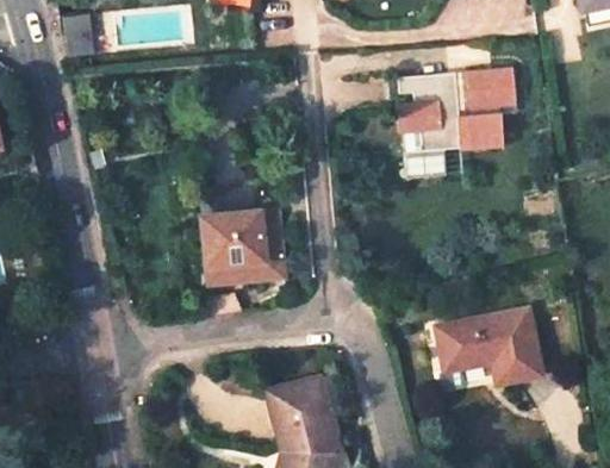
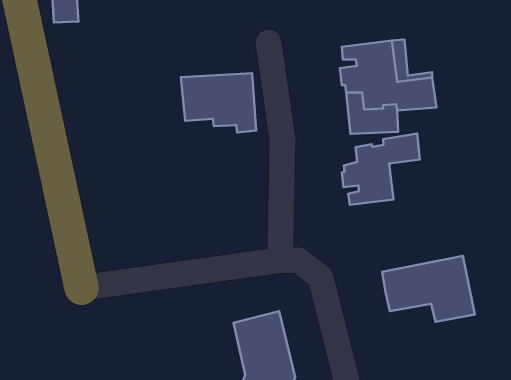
building: [463,69,511,112] -> none
building: none -> [342,134,420,205]
building: [197,210,281,276] -> [181,73,256,132]

